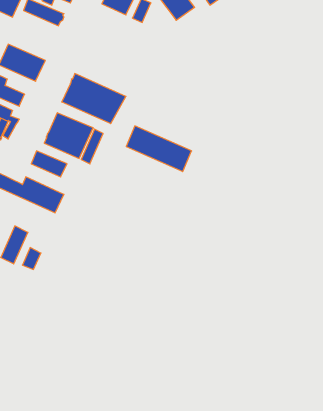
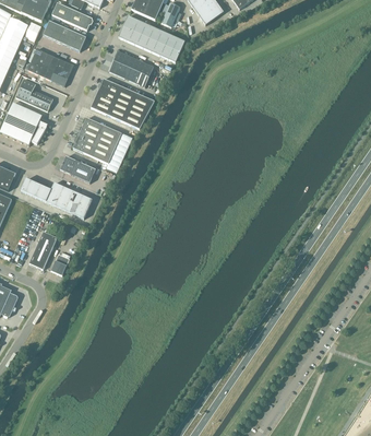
building: none -> [43,20,86,50]
building: none -> [109,48,154,86]
building: [126,126,192,172] -> [119,15,184,61]

